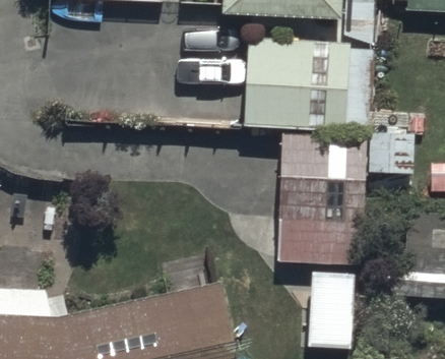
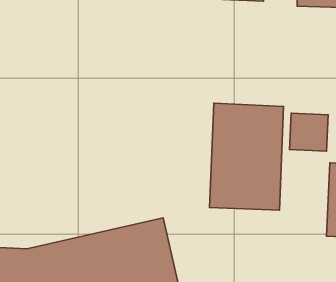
building: [244,38,354,128] -> none

